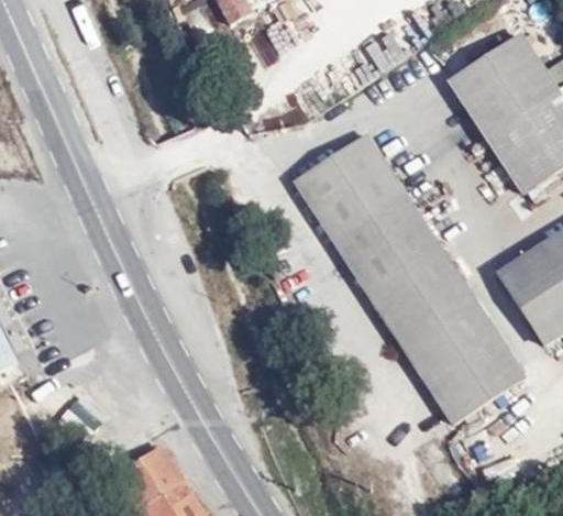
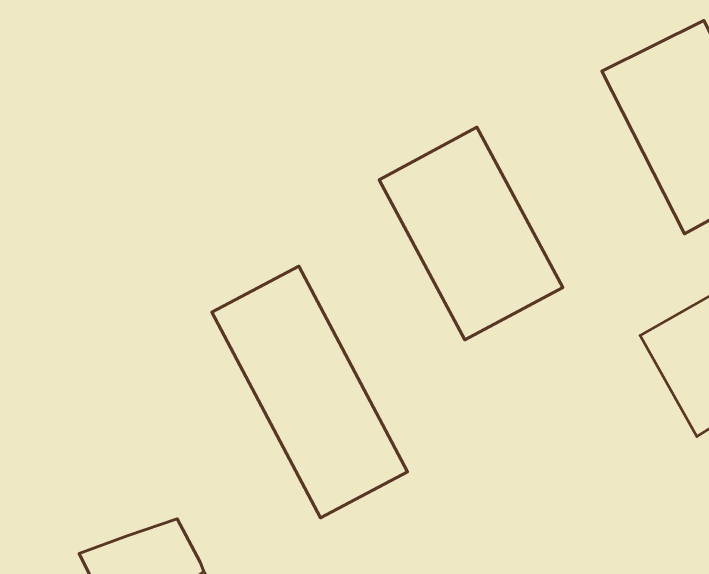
building: [366,244,520,421] -> none
building: none -> [212,266,407,518]

